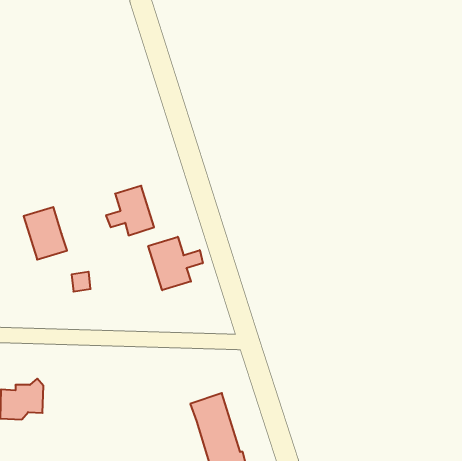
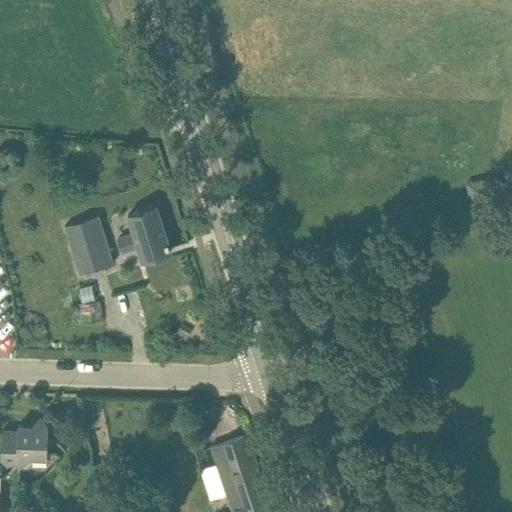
building: [24,207,67,260] -> [65,217,113,275]
building: [148,237,203,290] -> none

